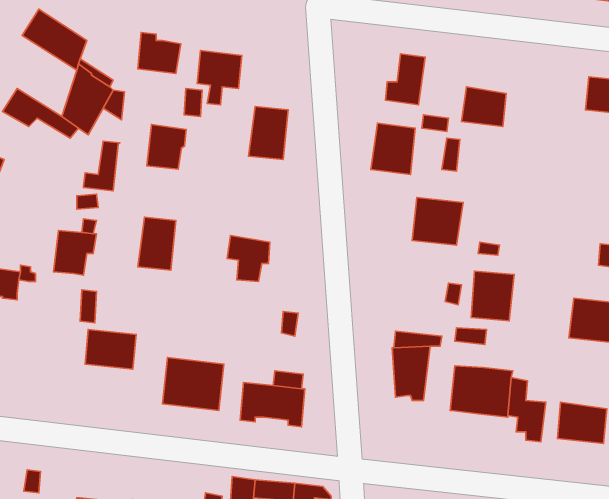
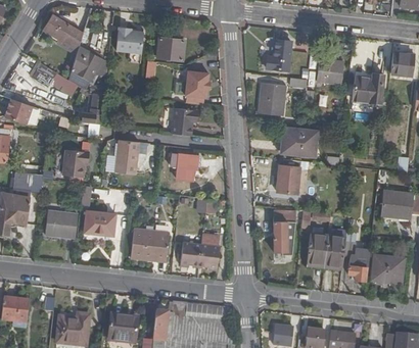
building: none -> [354,74,386,104]
building: [147,125,186,169] -> [171,108,195,136]
building: [471,271,514,321] -> [274,164,300,195]
building: none -> [43,209,76,237]

